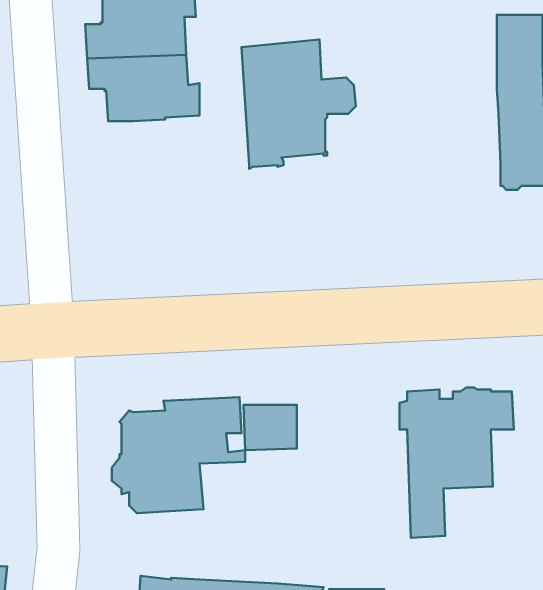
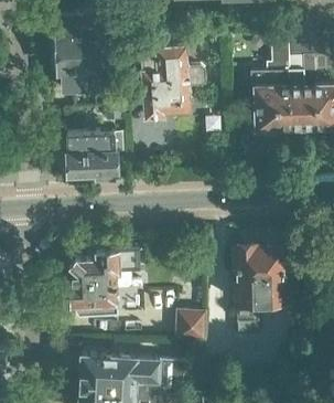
building: none -> [254,30,290,134]
building: none -> [63,131,123,180]
building: [243,405,297,450] -> [176,310,207,337]

